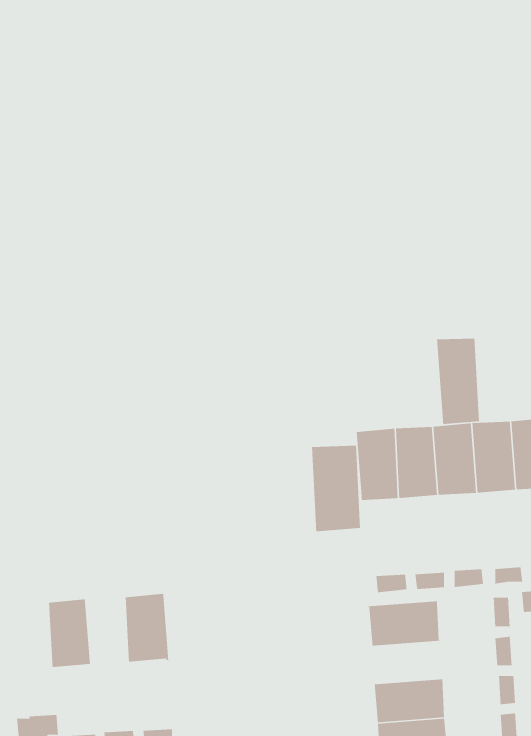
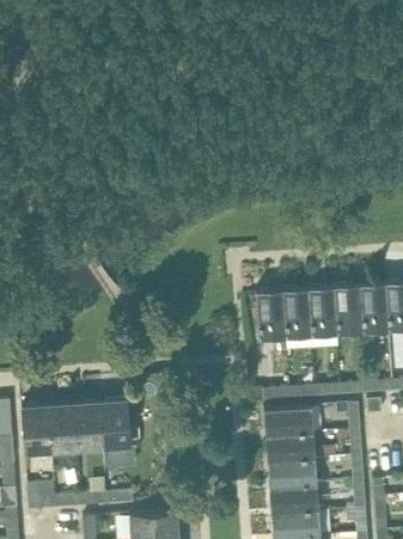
building: [436,338,480,425] -> none
building: [311,445,361,532] -> none
building: none -> [74,405,103,451]
building: none -> [22,409,51,455]
building: none -> [267,435,315,464]

